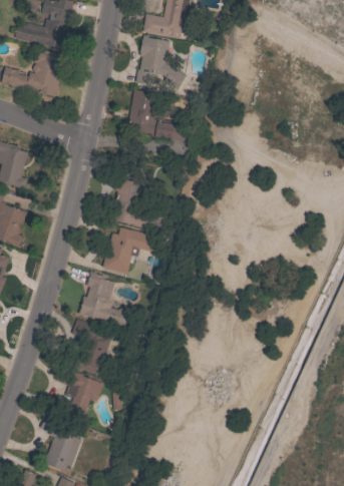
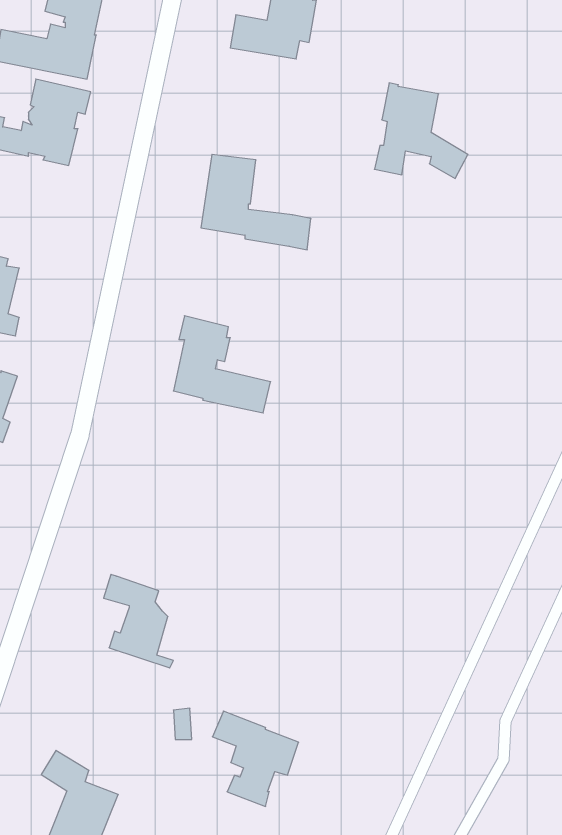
building: [134,36,186,88] -> [374,83,468,178]
building: [102,227,164,275] -> none
building: [78,272,133,329] -> none
building: [55,367,102,419] -> [212,711,299,806]

